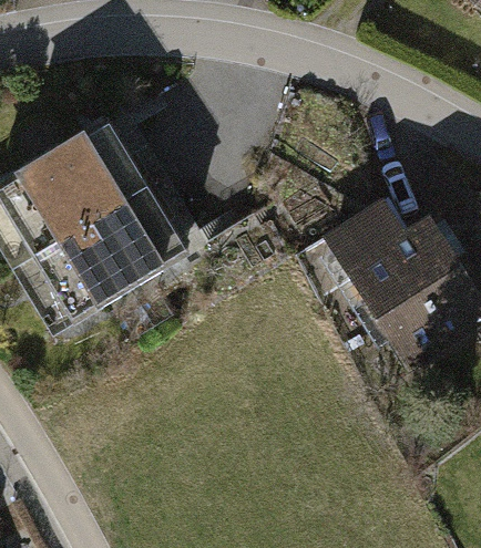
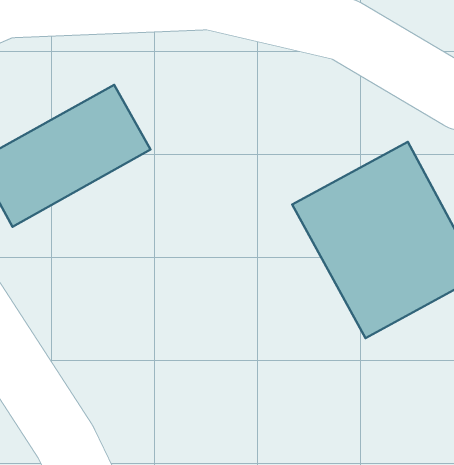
building: [14,184,195,328] -> none

